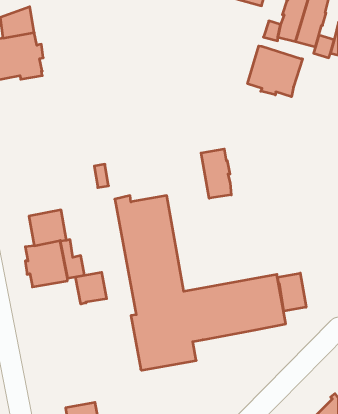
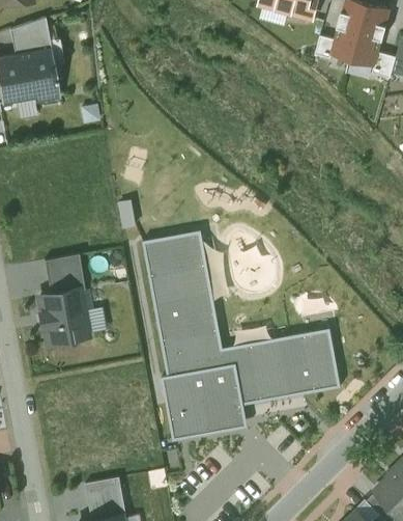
building: [248,46,303,97] -> none
building: [201,149,231,198] -> none
building: [76,272,107,304] -> none
building: [277,273,306,311] -> none

